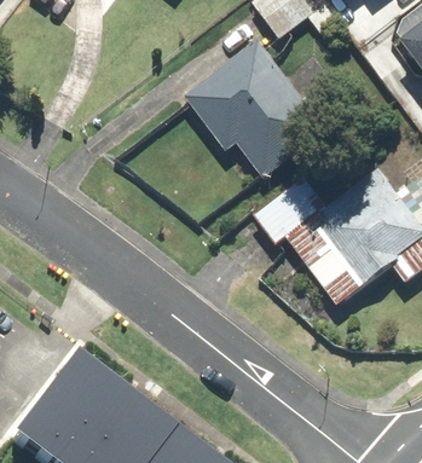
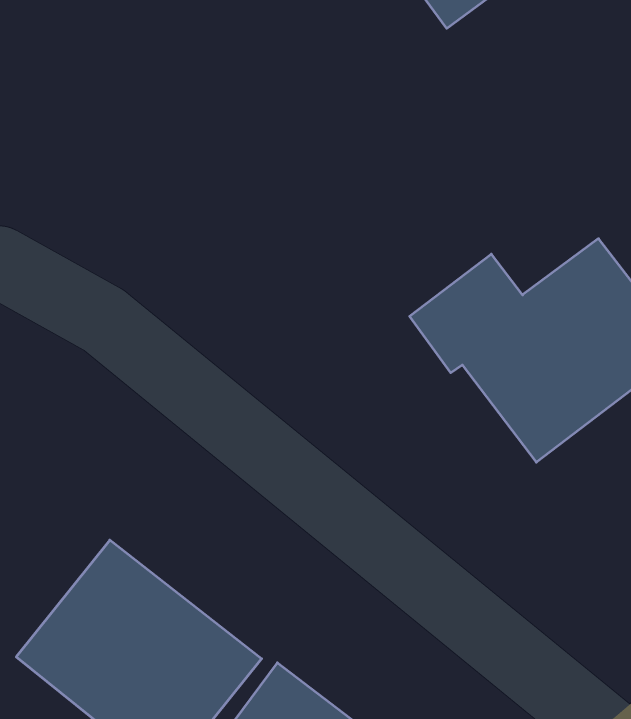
building: [185,40,326,174] -> none

